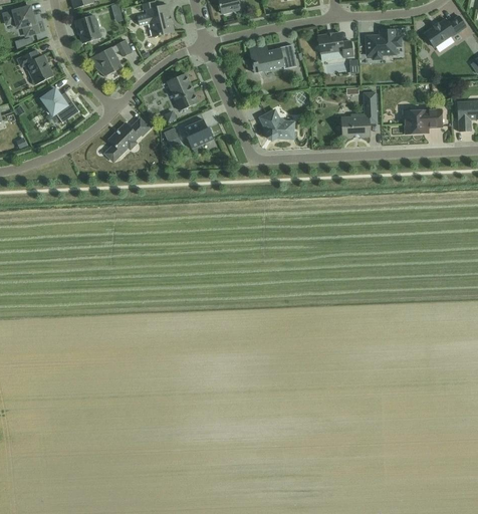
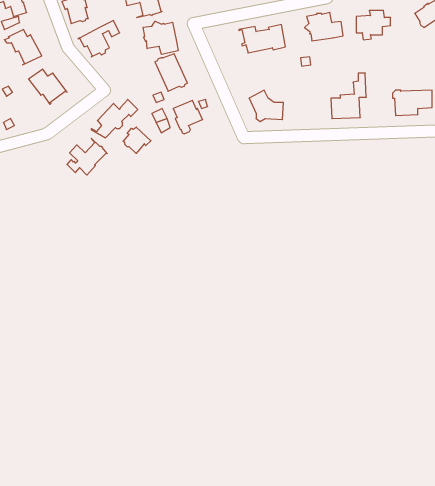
building: none -> [143,21,178,54]
building: none -> [123,127,151,153]
building: none -> [67,138,107,175]

